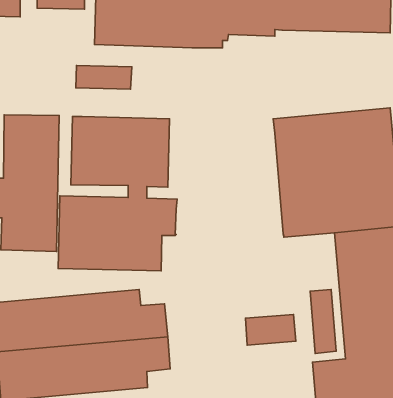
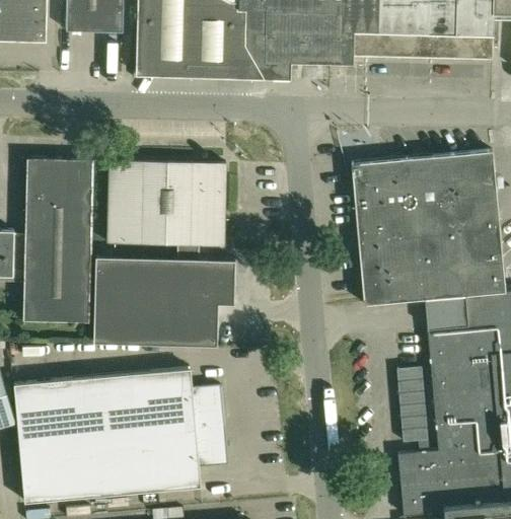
building: [76,66,132,89] -> none
building: [246,314,296,345] -> none

